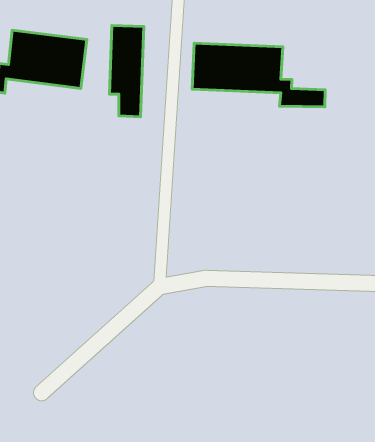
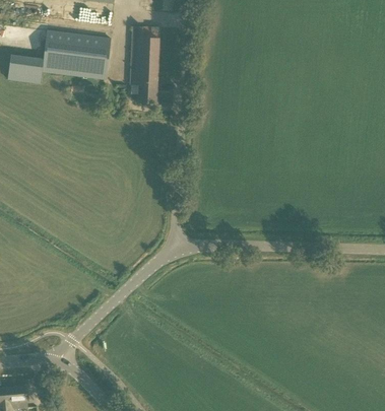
building: [192,43,325,107] -> none

